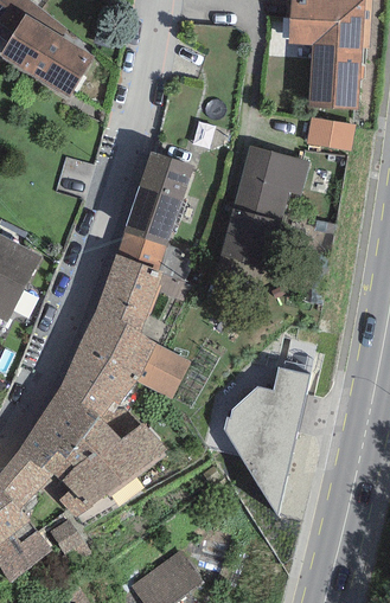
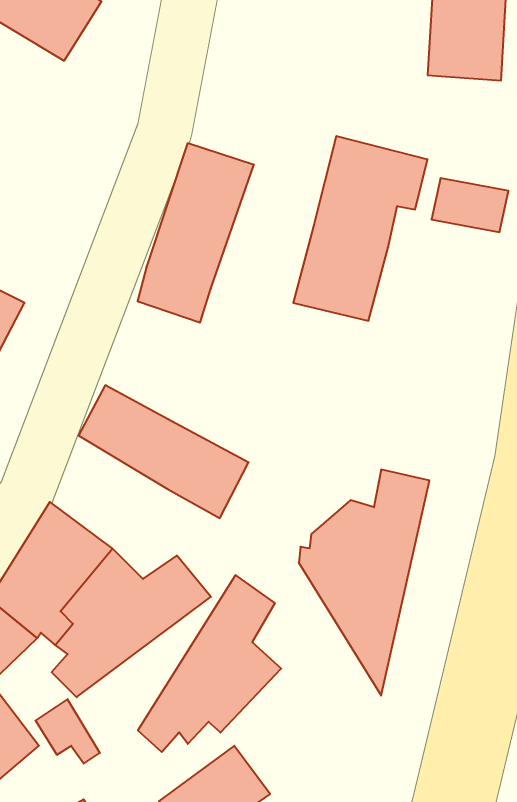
building: [311,118,362,154] -> [431,178,508,232]
building: [95,254,162,334] -> none
building: [58,344,136,418] -> none
building: none -> [138,575,281,752]

